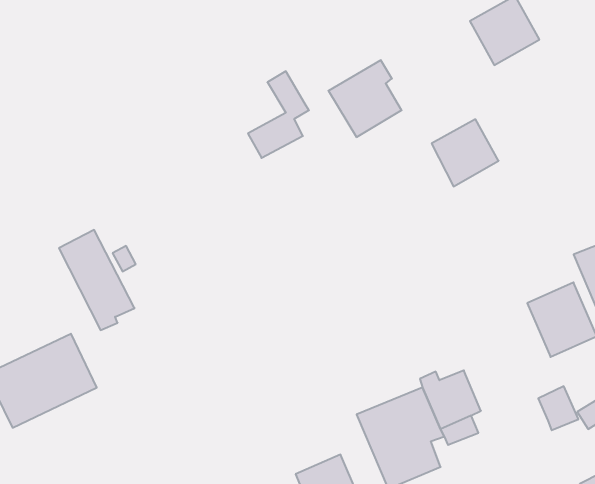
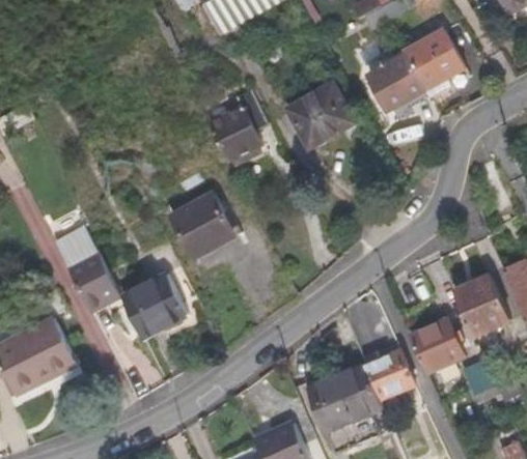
building: [432,119,499,186] -> [368,53,425,110]
building: none -> [171,197,230,259]
building: none -> [121,275,187,339]
building: none -> [410,317,465,370]

